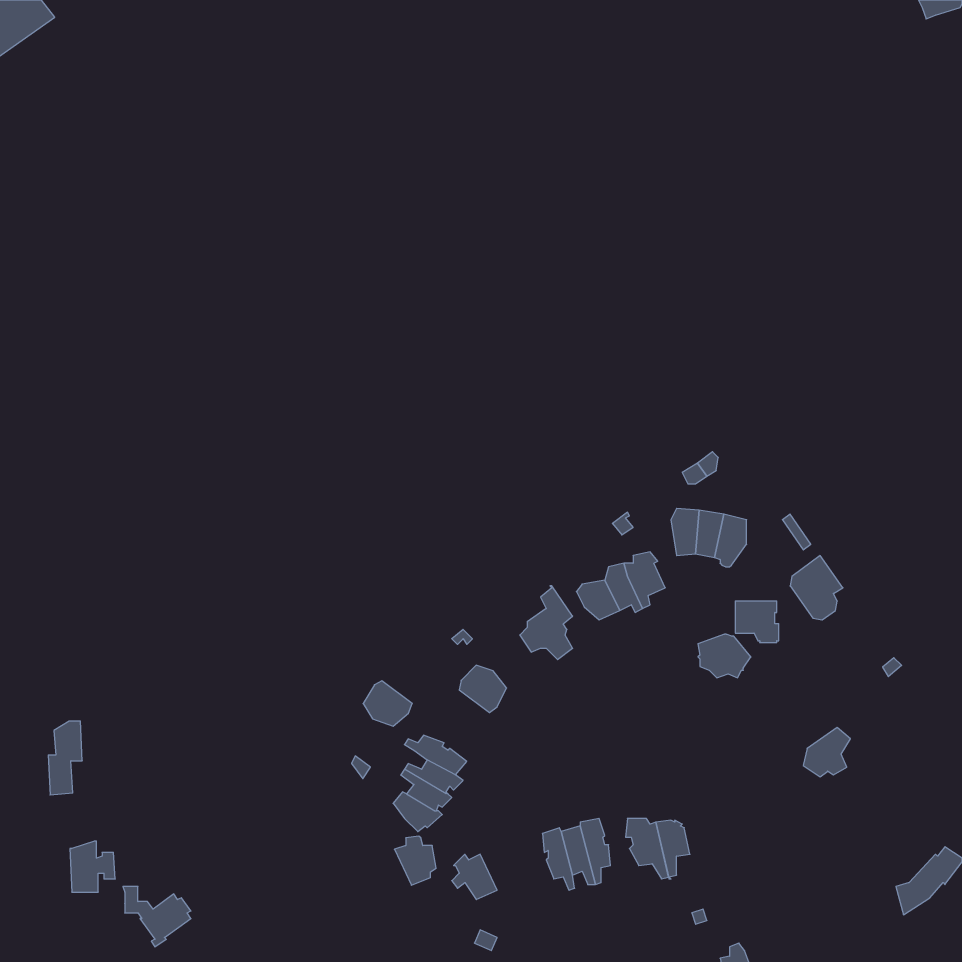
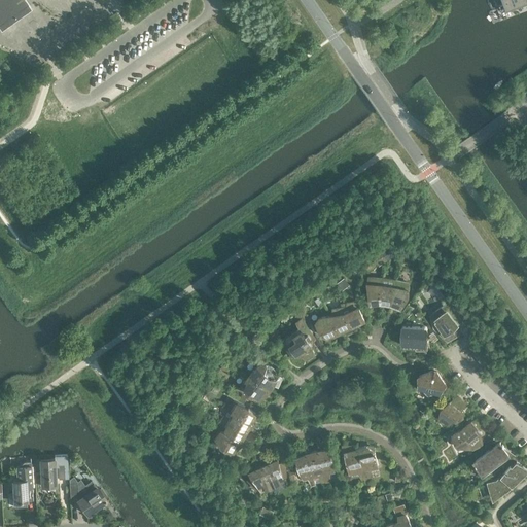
building: [698,634,751,678] -> [416,373,445,396]
building: [363,681,412,726] -> [240,378,267,402]
building: [48,721,82,795] -> [11,463,30,503]
building: none -> [451,421,481,451]
building: none -> [471,445,506,476]
building: [394,836,436,885] -> [261,460,284,487]

